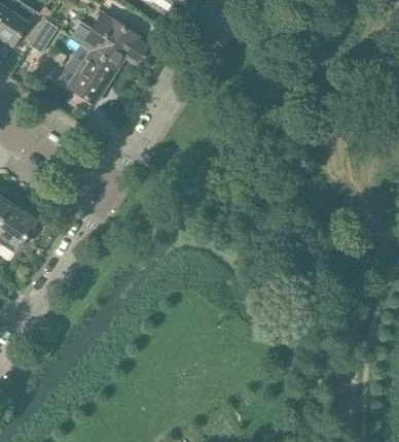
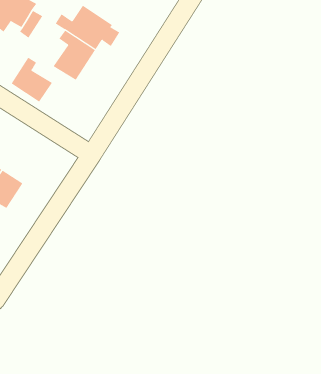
building: none -> [11,57,53,102]

